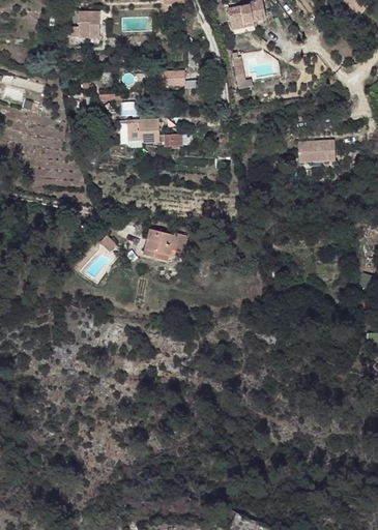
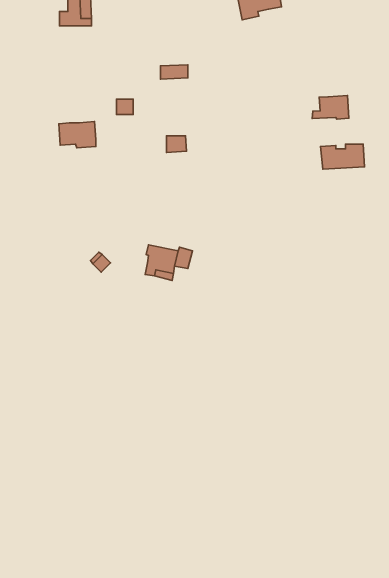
building: none -> [312,95,349,119]
building: [127,118,159,141] -> [59,122,96,148]

